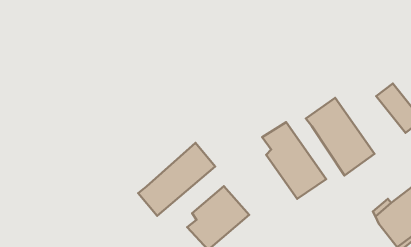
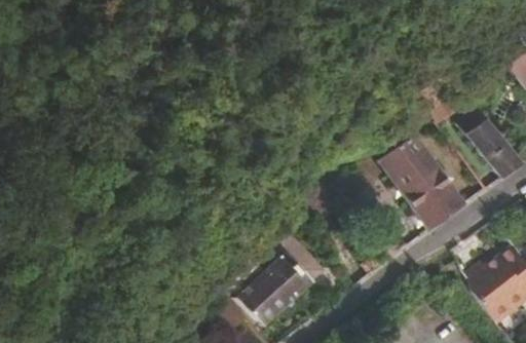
building: [262,122,326,199] -> none
building: [138,143,215,216] -> none

